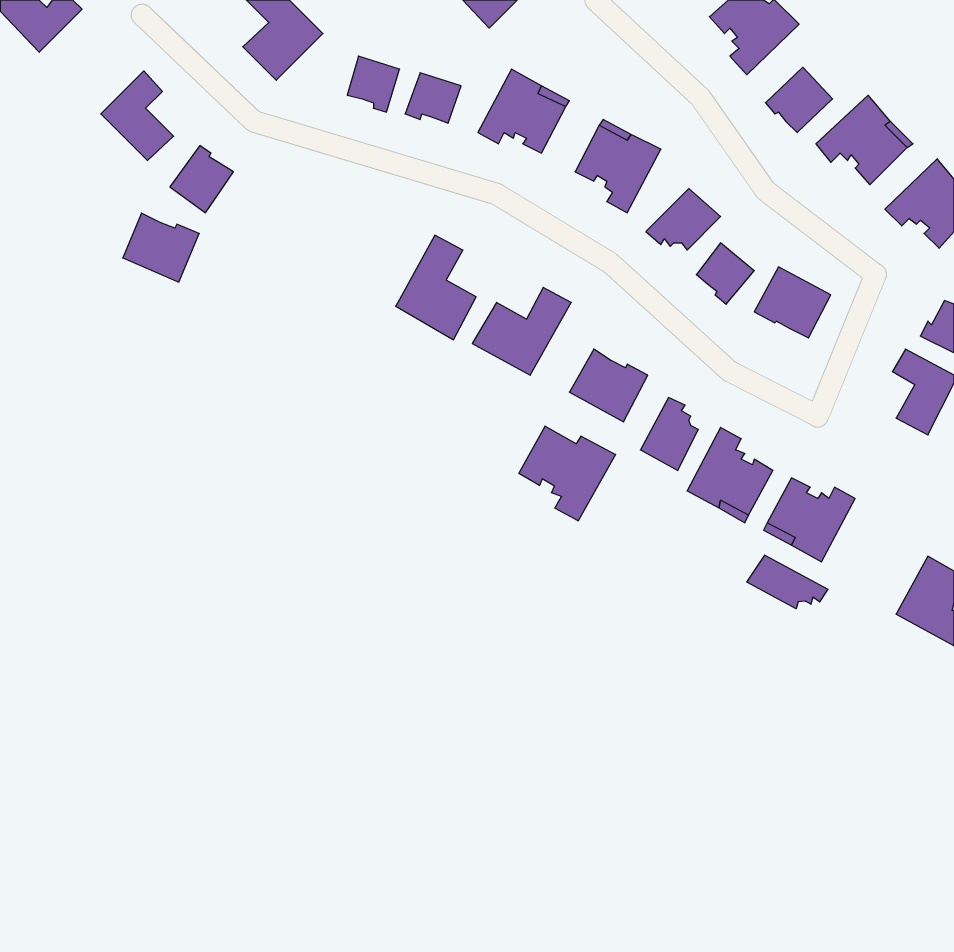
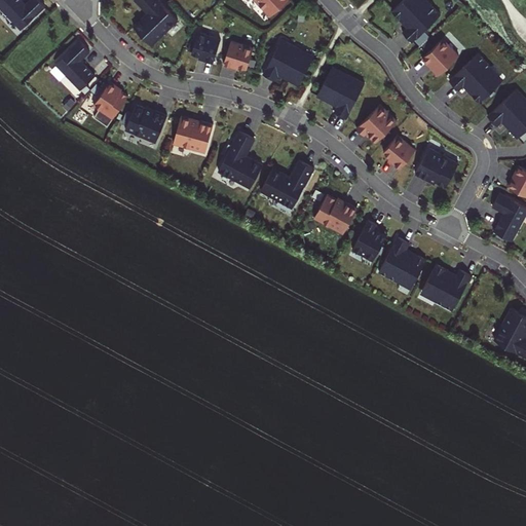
building: none -> [174,117,214,152]
building: [123,213,199,282] -> [125,104,167,142]
building: [519,426,616,521] -> none
building: [747,555,828,609] -> none

